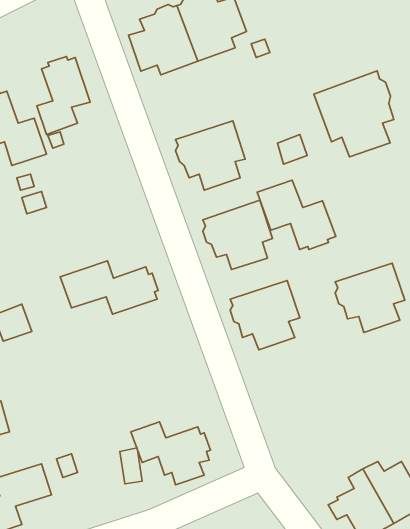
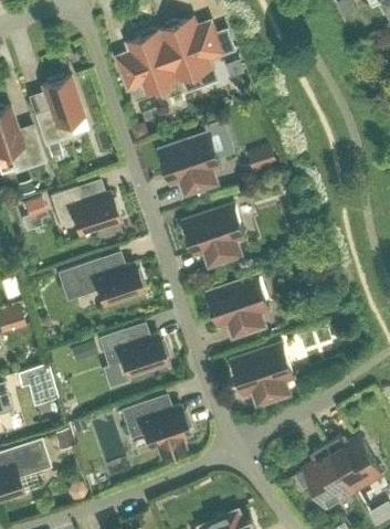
building: [314,71,394,157] -> none
building: [257,180,336,249] -> none
building: none -> [51,188,120,235]
building: [335,263,405,332] -> [233,345,295,406]
building: none -> [98,330,169,378]
building: none -> [18,366,57,406]

